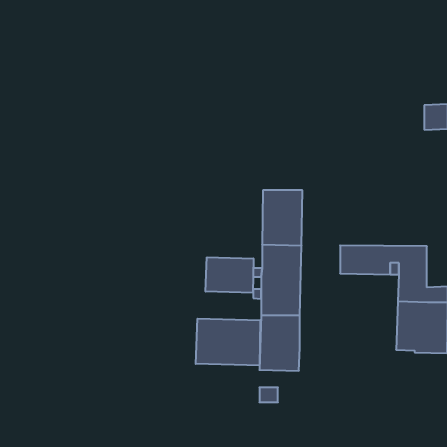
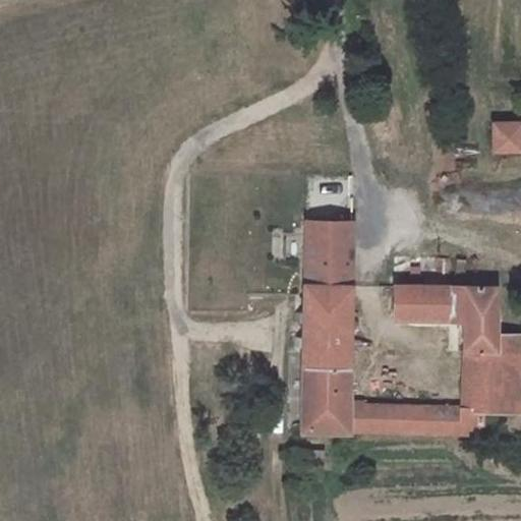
building: [206,257,253,293] -> none
building: [196,319,260,365] -> none
building: none -> [348,405,482,436]

